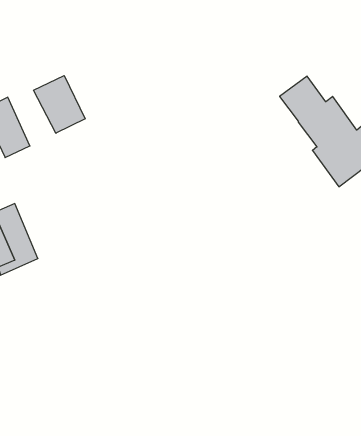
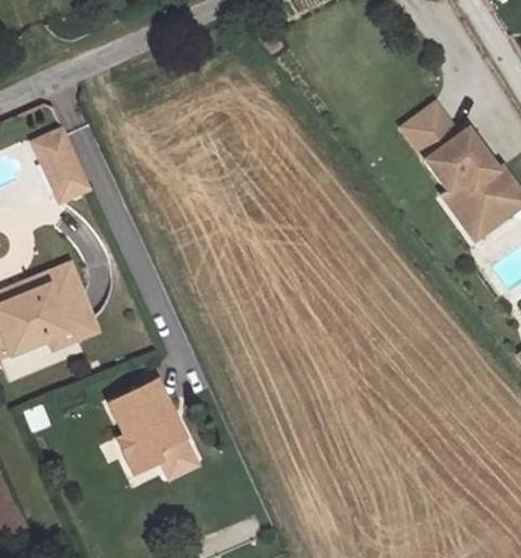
building: [34,76,85,133] -> none
building: none -> [112,387,192,481]

